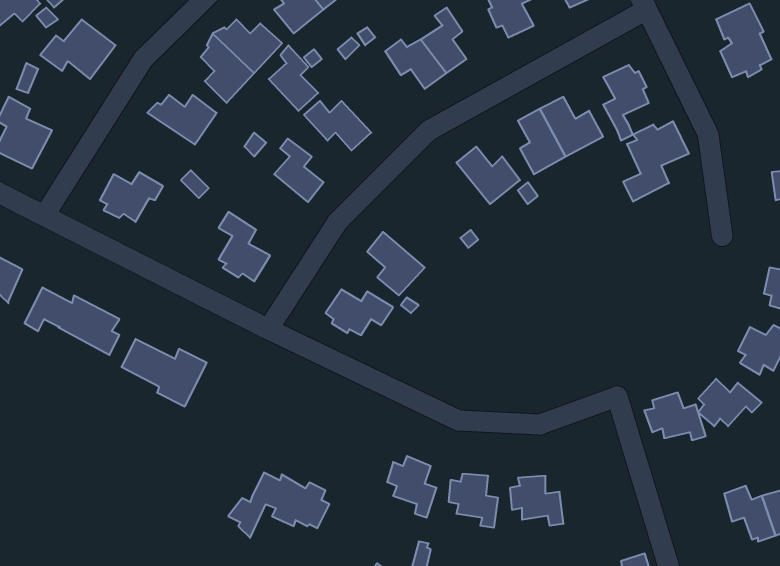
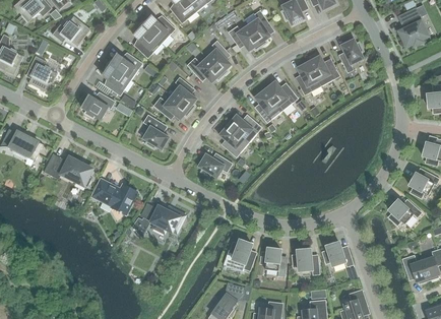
building: [269,45,318,111] -> [206,40,232,73]
building: none -> [103,63,131,95]
building: [623,121,689,202] -> none
building: none -> [254,88,282,122]
building: none -> [153,94,189,119]
building: none -> [228,114,262,142]
building: [644,393,706,440] -> [322,242,354,266]
building: [228,472,329,538] -> [131,204,183,238]

